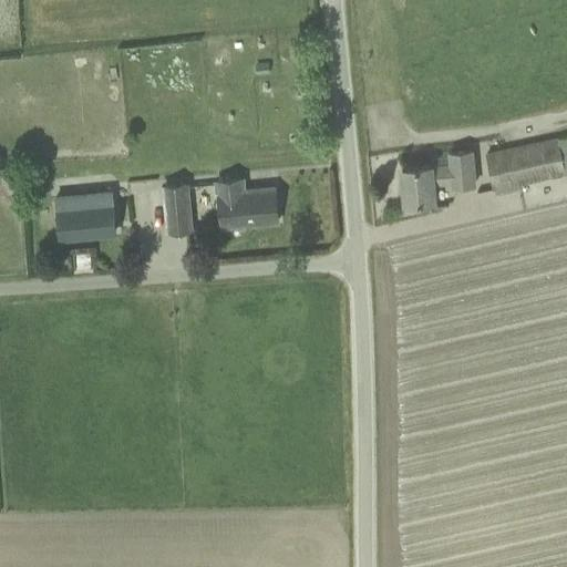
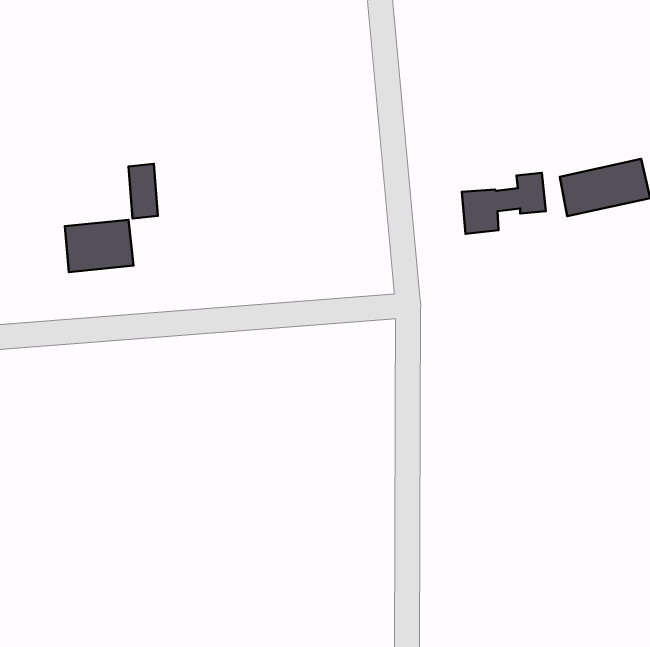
building: [217,181,278,228] -> none
building: [165,186,190,234] -> [129,164,158,218]

